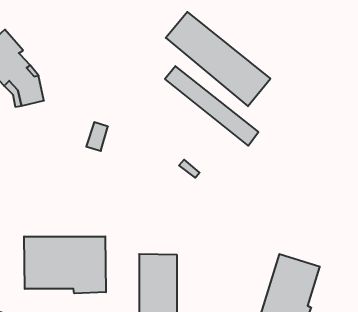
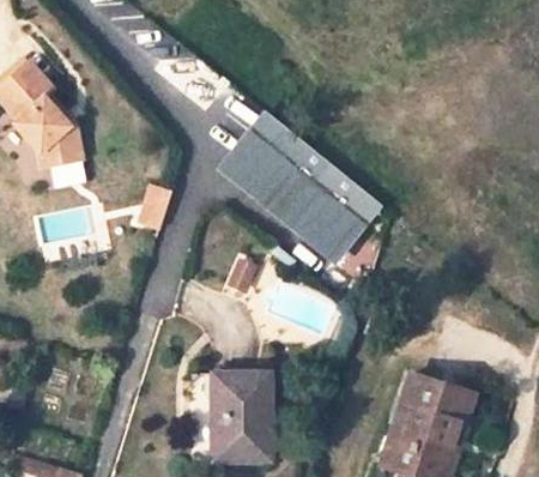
building: [166,12,270,106] -> [220,132,365,262]
building: [24,236,106,293] -> none

